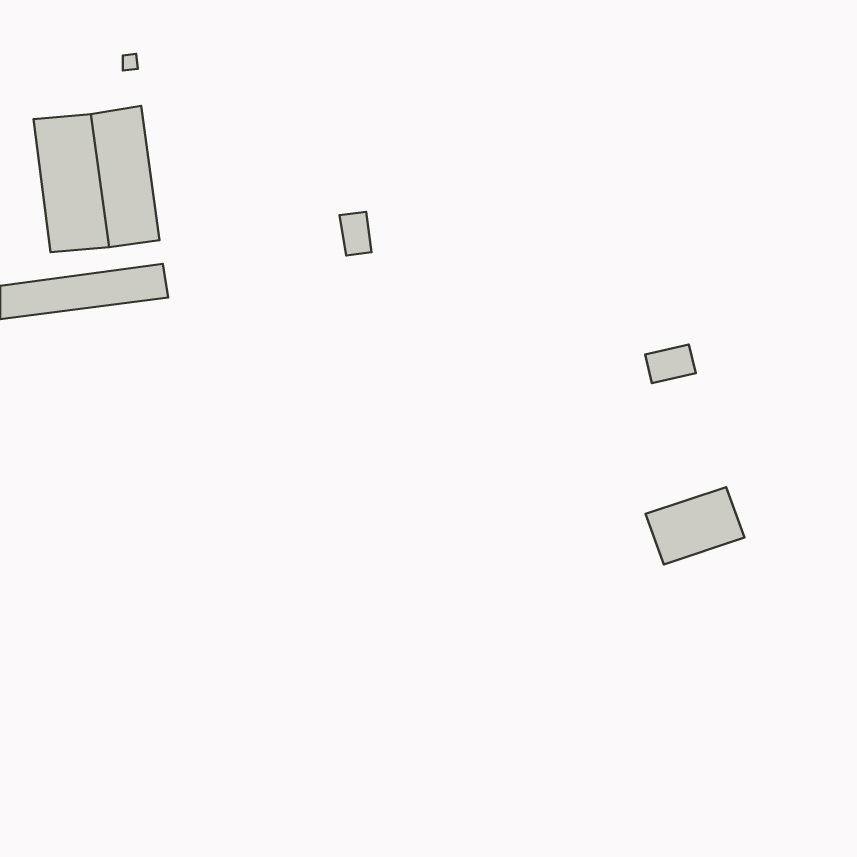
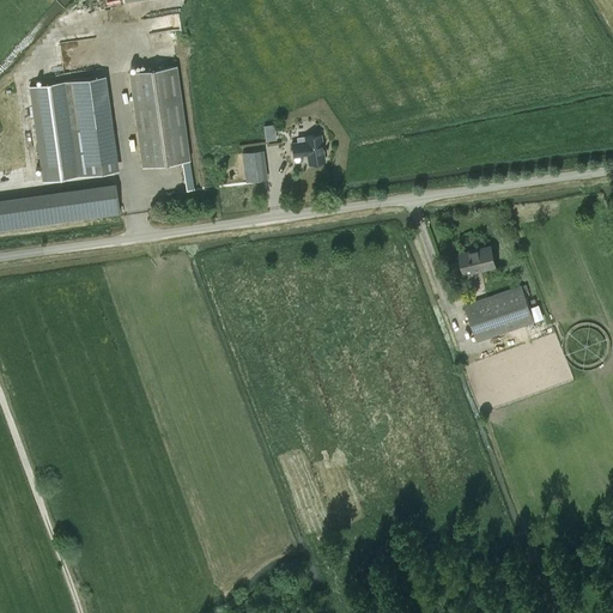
building: none -> [129,66,190,168]
building: none -> [292,135,326,165]
building: [645,487,745,564] -> [466,287,536,342]

